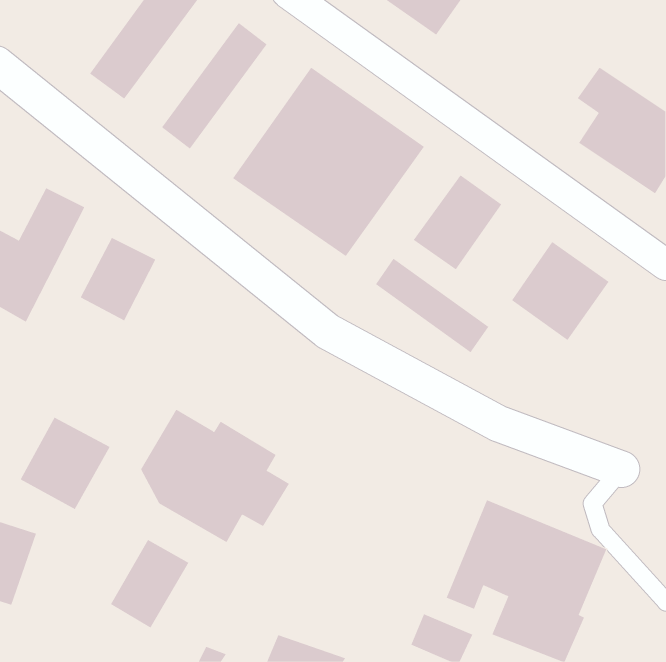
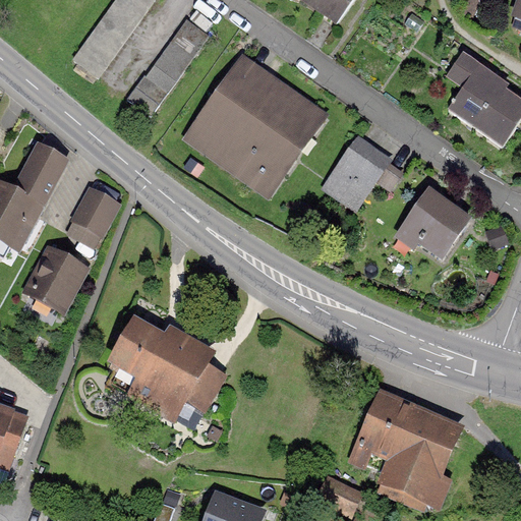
building: [375,258,489,353] -> none
building: [20,417,110,510] -> [20,243,91,315]
building: [110,539,189,629] -> none

